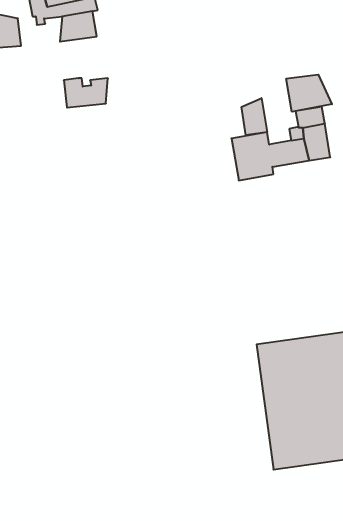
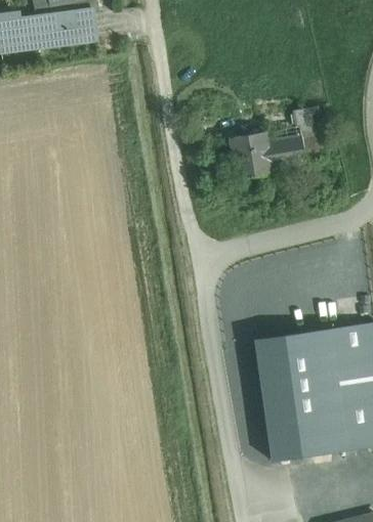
building: [286,75,332,112] -> none
building: [64,78,108,108] -> [22,19,65,48]
building: [242,98,267,135] -> none

